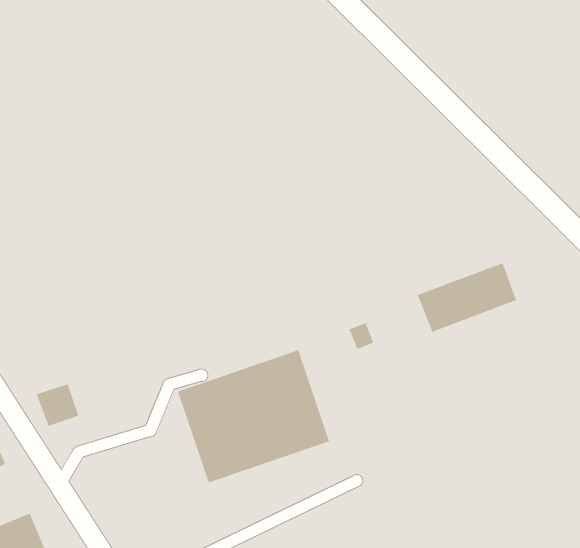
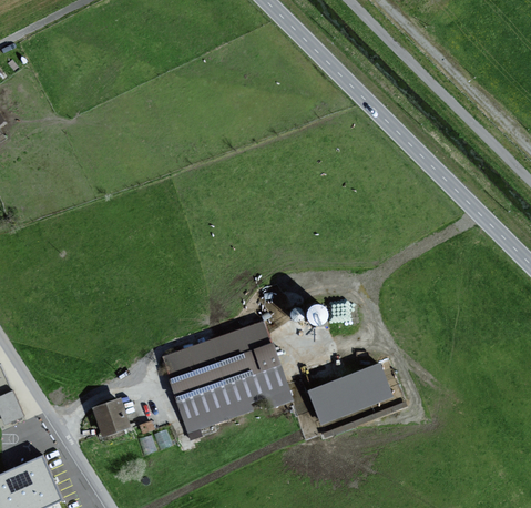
building: [417,262,517,333] -> [307,366,389,424]
building: [36,383,79,427] -> [91,400,126,436]

